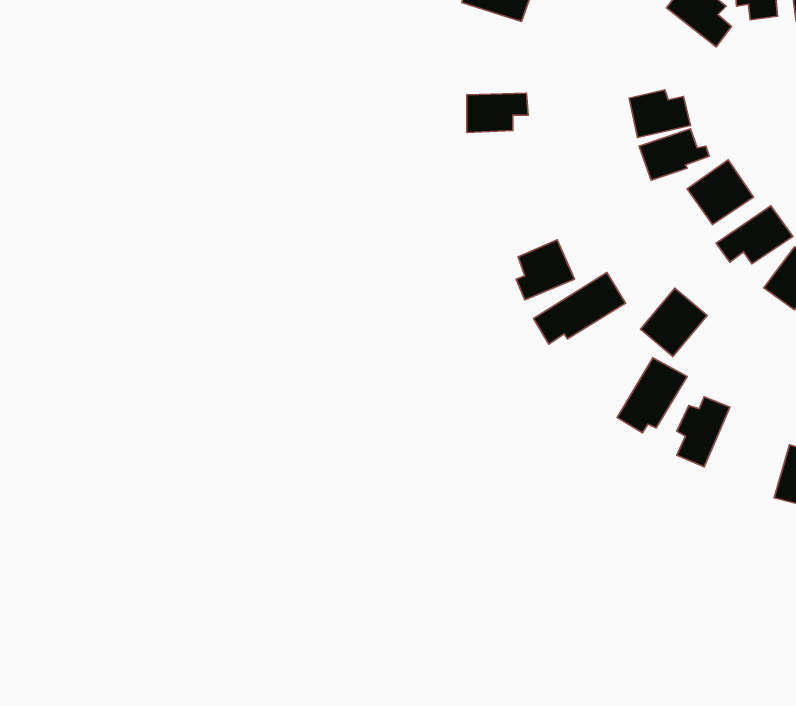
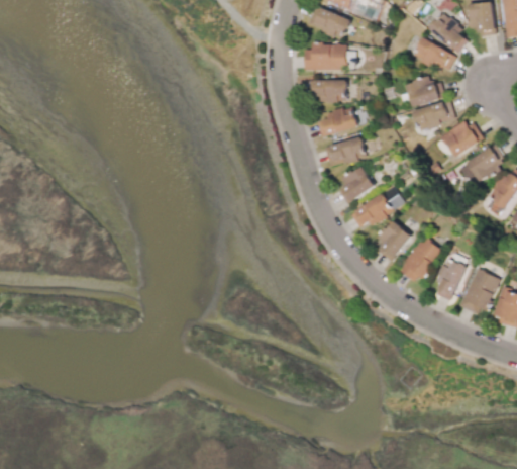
building: none -> [413,37,456,69]
building: none -> [305,42,346,71]
building: none -> [317,108,357,135]
building: none -> [324,136,367,167]
building: [641,288,707,356] -> [373,220,412,261]
building: none -> [459,269,501,313]

